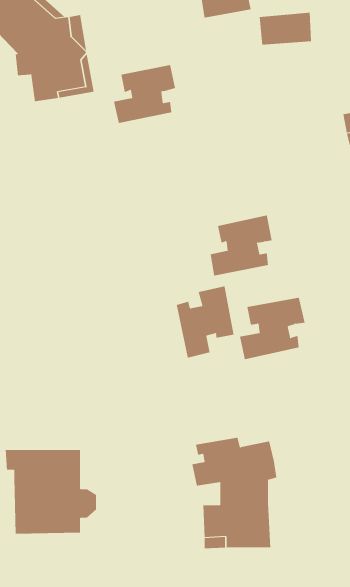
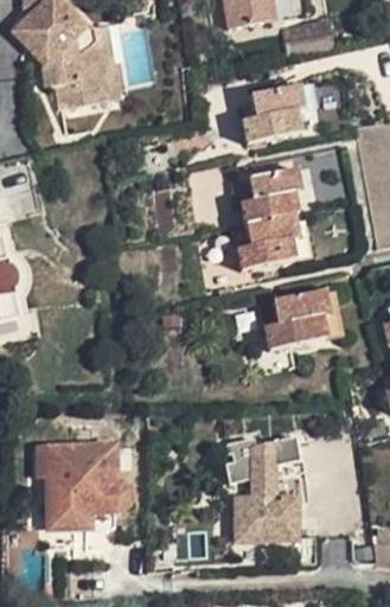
building: [113,65,176,124] -> [244,85,305,142]
building: none -> [238,168,300,225]
building: [176,286,234,358] -> none

